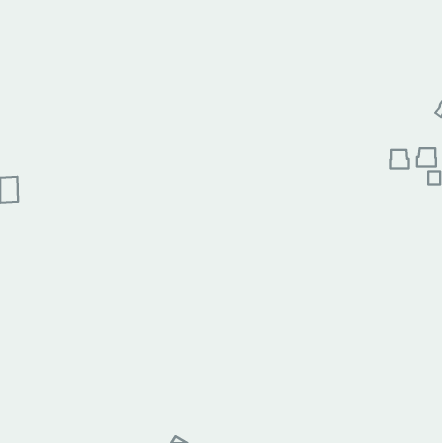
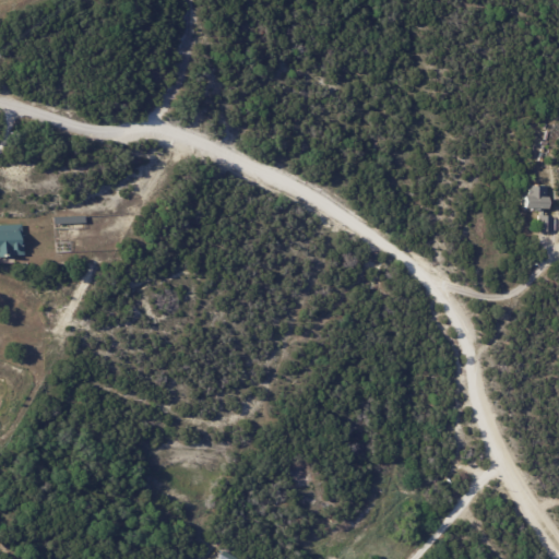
building: [390,150,409,169] -> none

